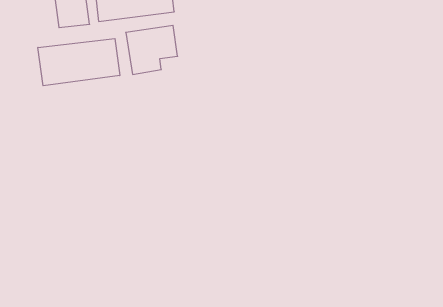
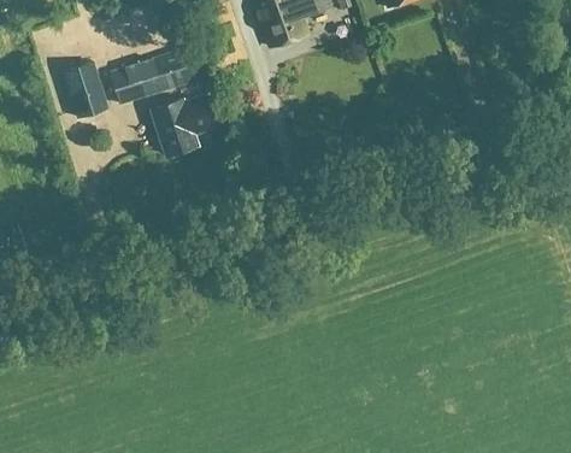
building: [38,39,120,86] -> none

